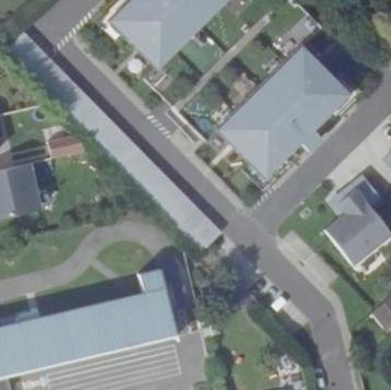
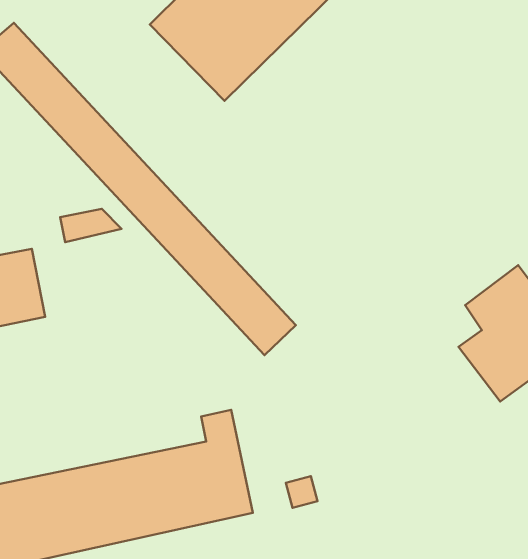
building: [212,36,348,173] -> none

